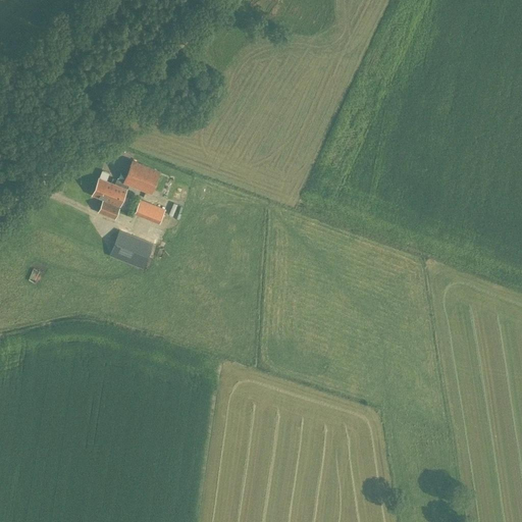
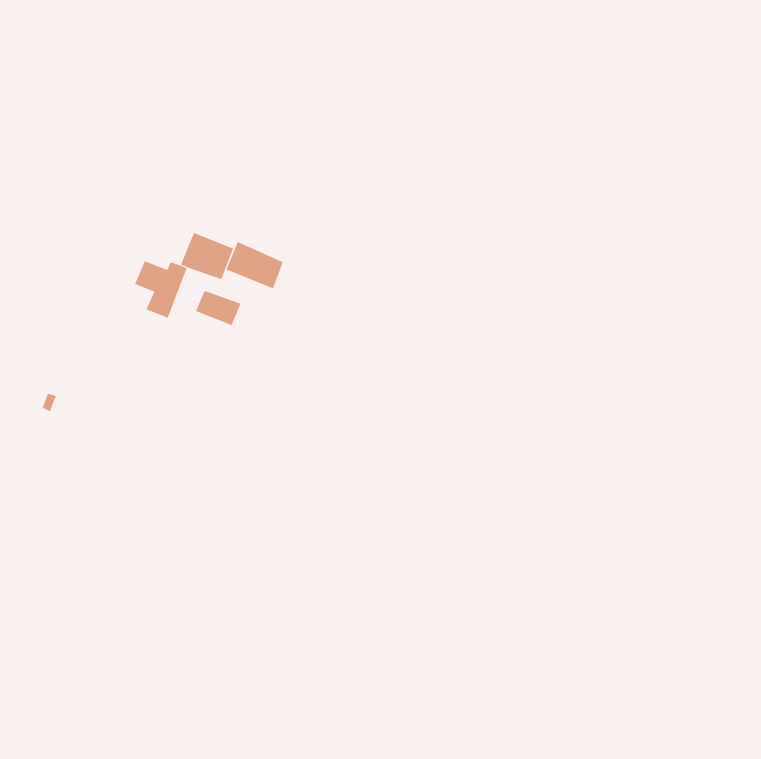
building: none -> [226,241,284,289]
building: [109,231,153,270] -> none

